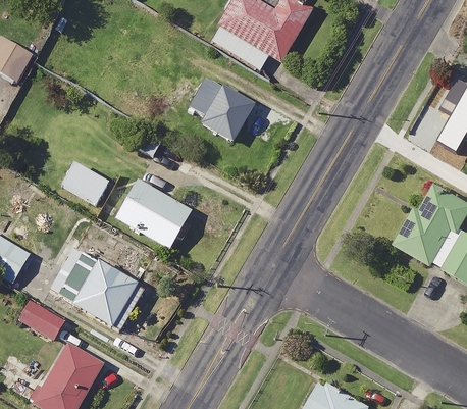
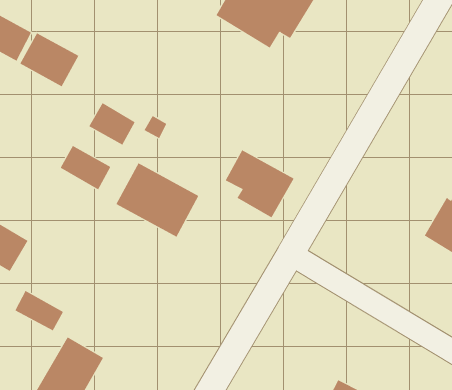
building: none -> [19,32,79,87]
building: [187,75,253,141] -> [225,149,295,218]
building: none -> [89,102,136,145]
building: [46,236,144,329] -> none

